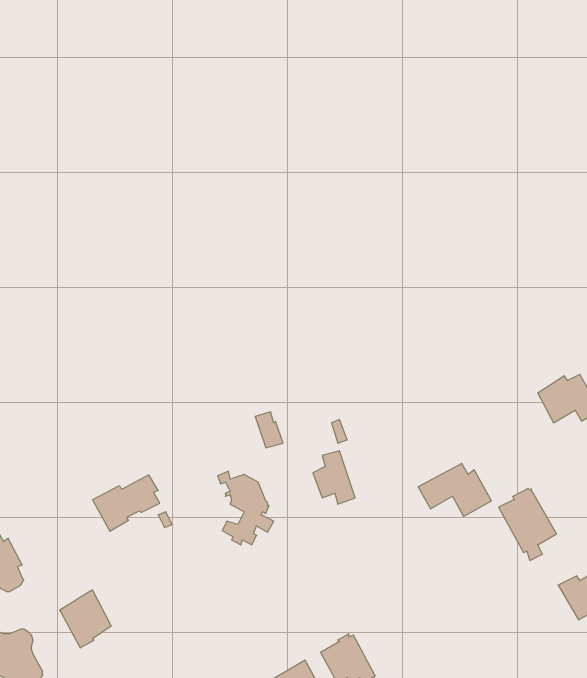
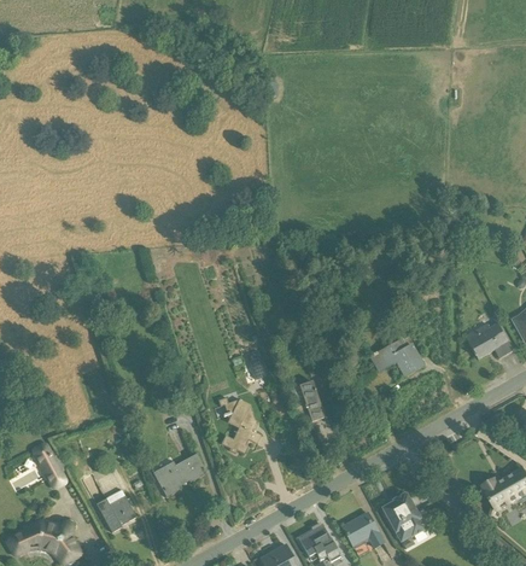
building: [418,463,491,517] -> [368,338,425,379]
building: [93,475,160,531] -> [152,454,204,497]
building: [499,489,556,560] -> [380,494,425,549]
building: none -> [340,512,384,549]

